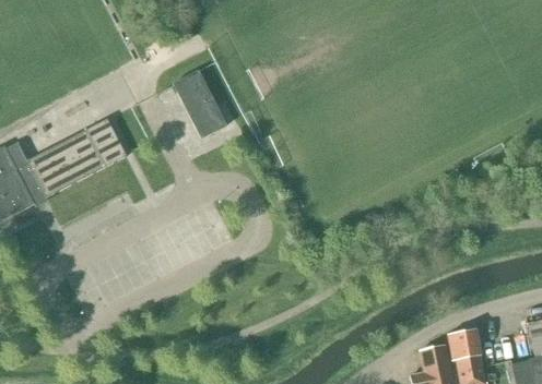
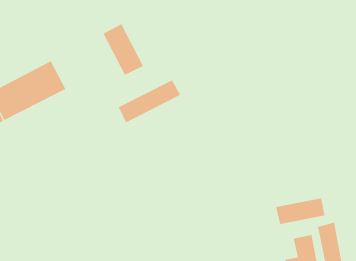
building: none -> [118,79,181,123]
building: none -> [276,198,325,225]

